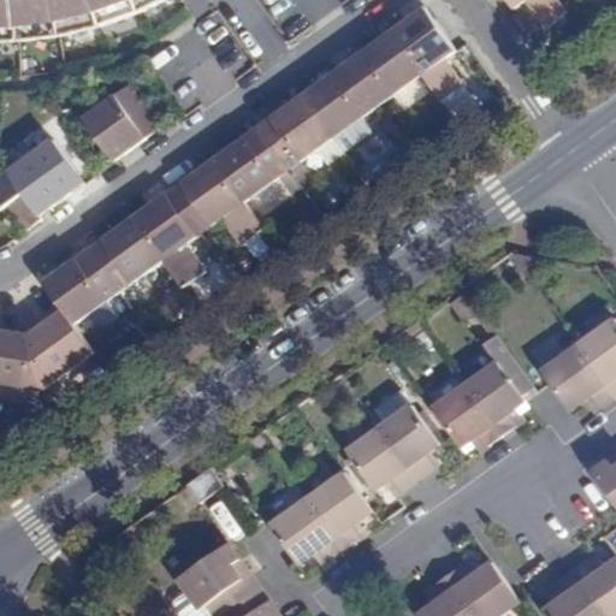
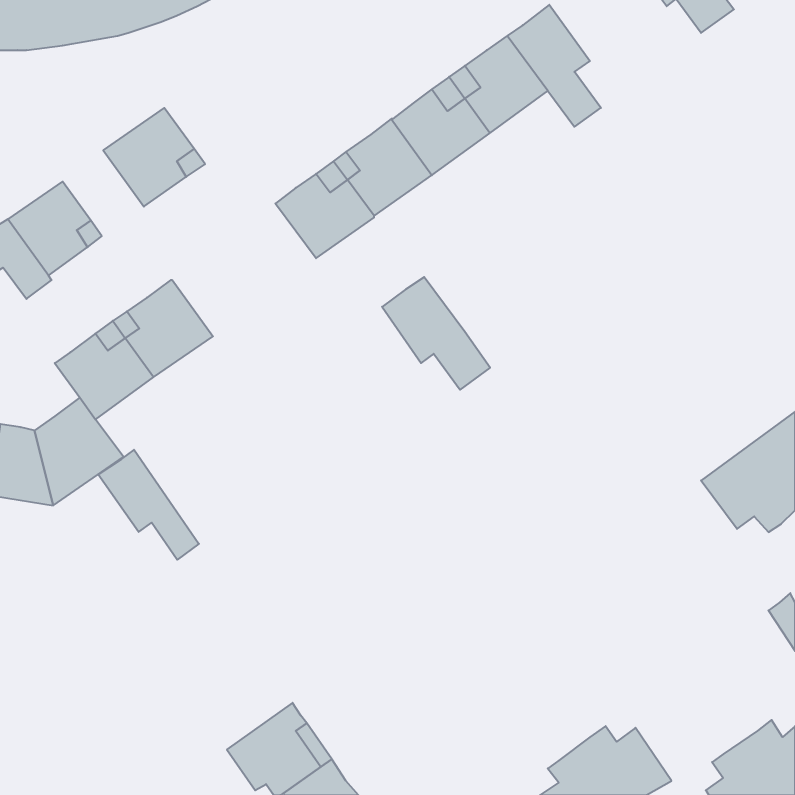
building: [179,156,262,243] -> [382,277,490,390]
building: [132,191,201,285] -> none
building: [432,340,531,450] -> none
building: none -> [98,450,199,560]
building: [344,404,436,493] -> none
building: [268,470,367,564] -> none

